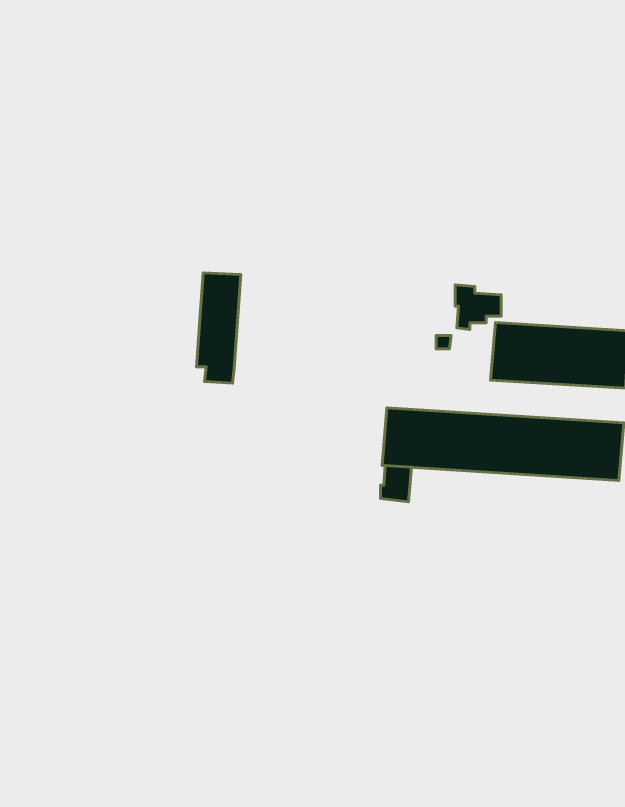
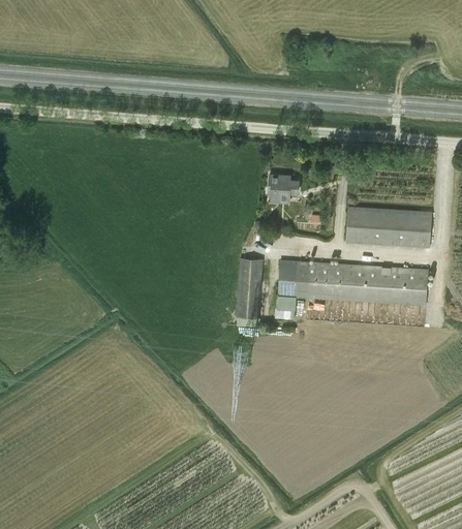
building: [196,273,241,383] -> [235,257,263,326]
building: [455,285,501,329] -> [269,174,298,201]

